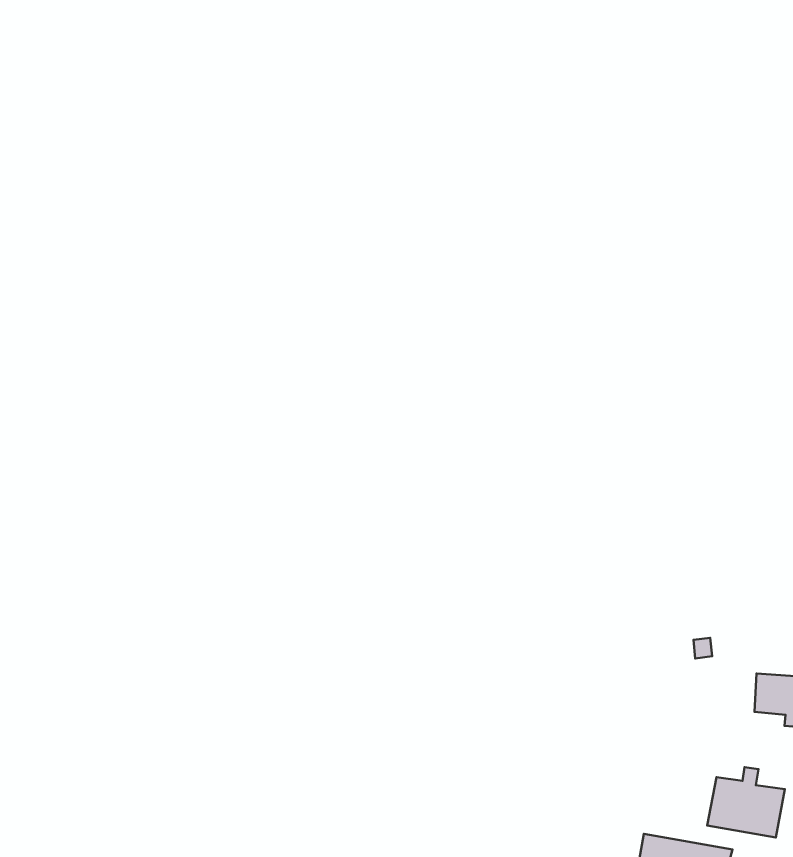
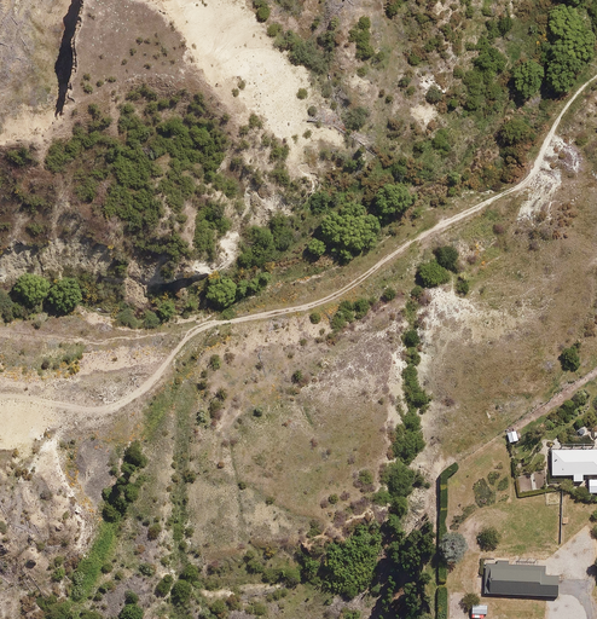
building: [707,767,785,837] -> none

